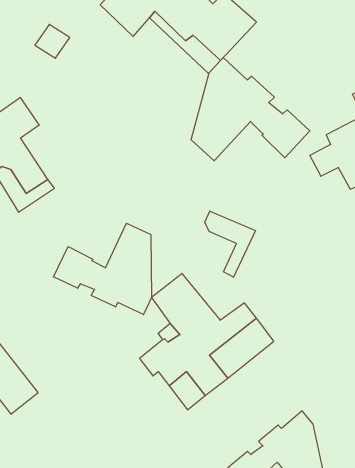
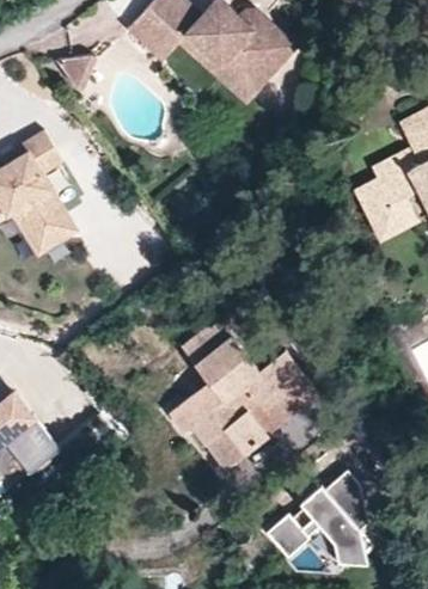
building: [191,58,310,161] -> none
building: [205,211,255,277] -> none
building: [53,223,152,315] -> none

